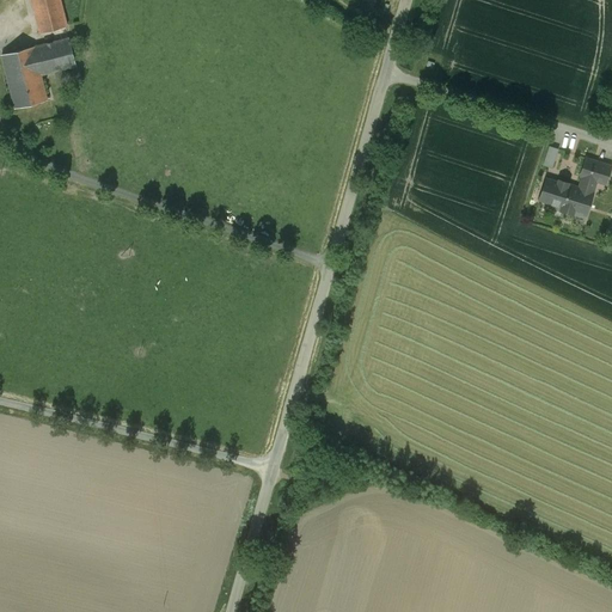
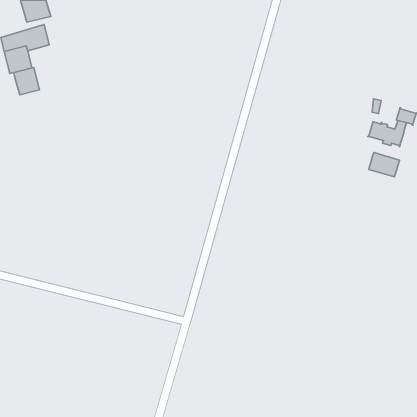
building: none -> [14,67,40,95]
building: none -> [369,153,399,177]

